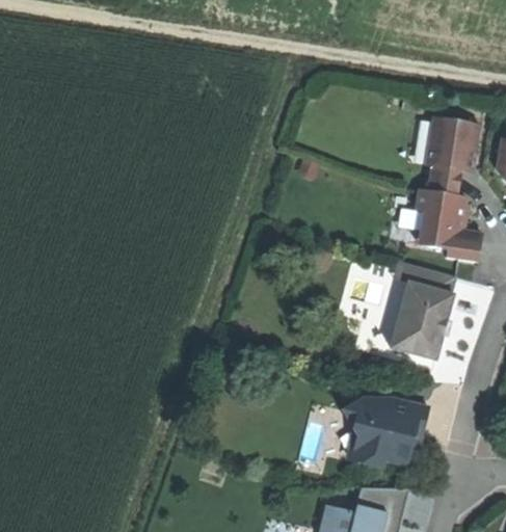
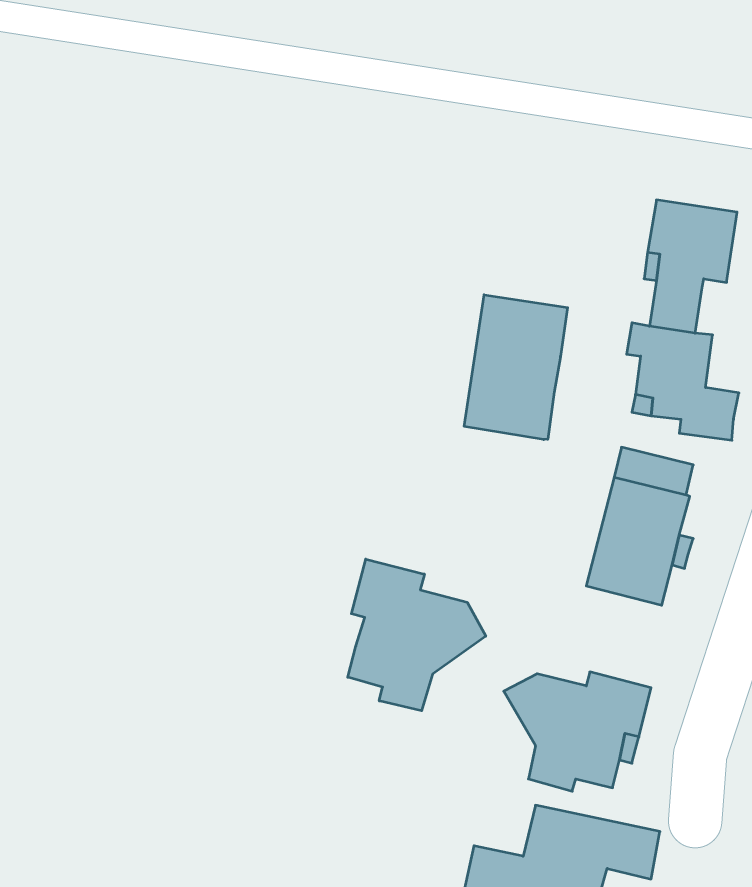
building: none -> [464,295,568,440]
building: none -> [348,559,486,711]

